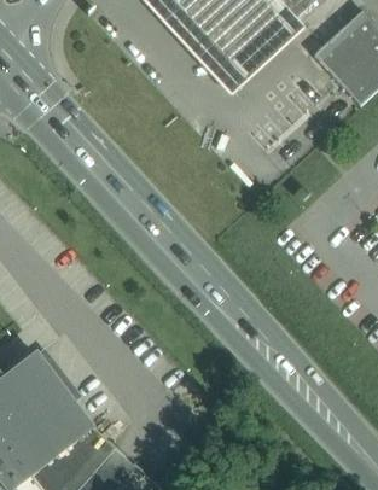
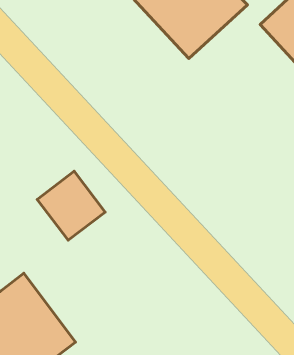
building: none -> [37,171,105,240]

